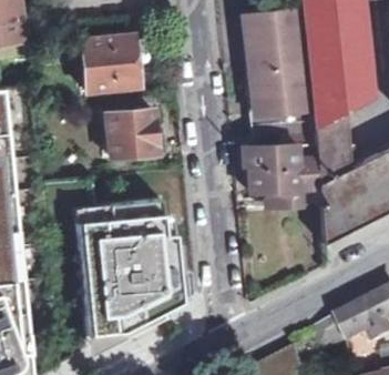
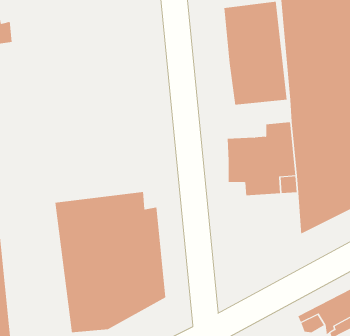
building: [81,32,142,89] -> none
building: [244,70,309,133] -> none
building: [103,108,164,155] -> none

